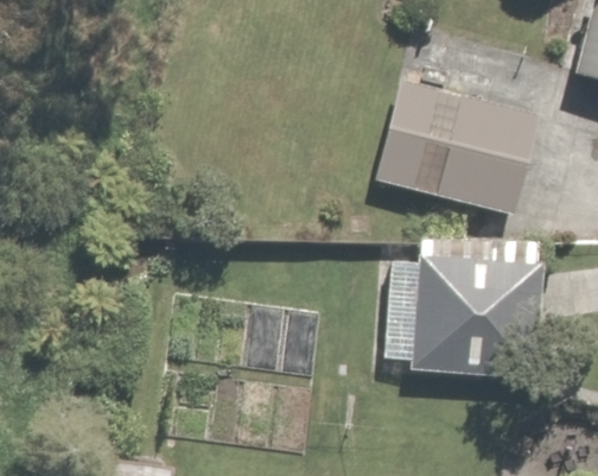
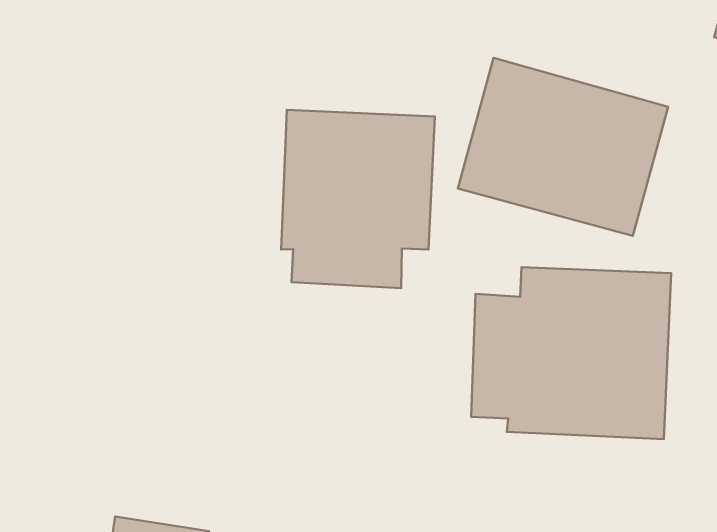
building: none -> [281,110,435,288]

